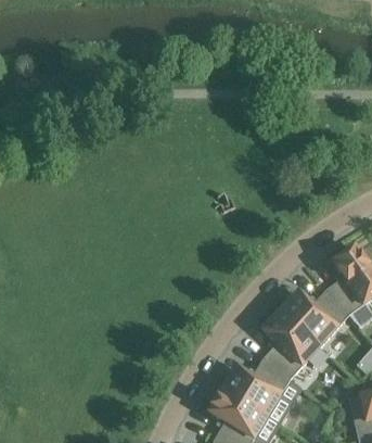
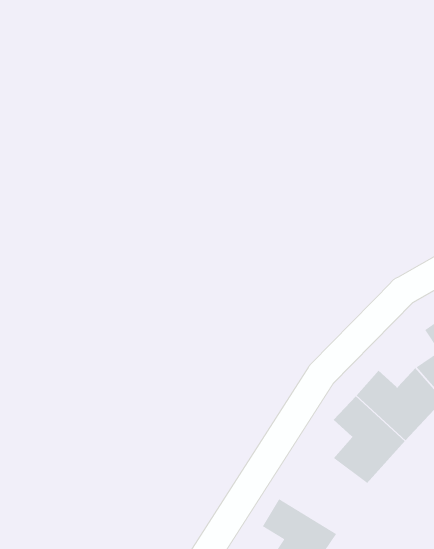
building: [223,357,291,415] -> none

